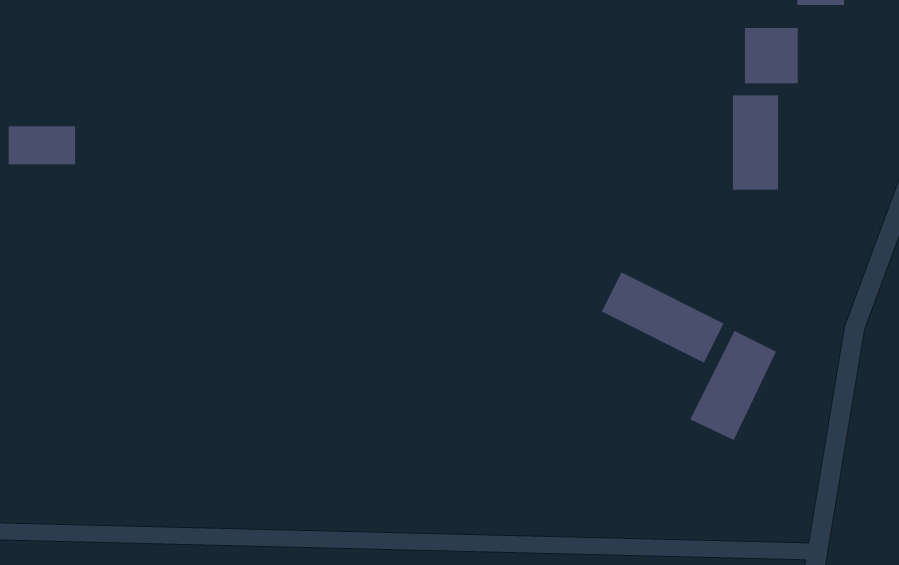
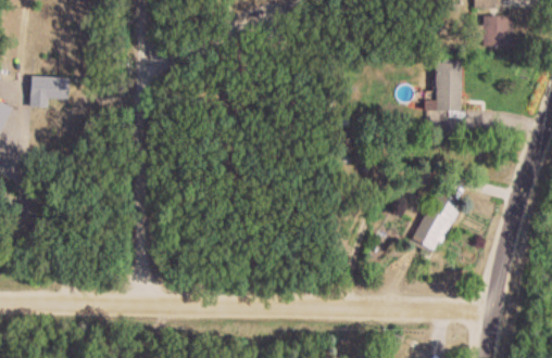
building: [744,27,799,84] -> [481,16,512,48]
building: [601,272,724,363] -> none

